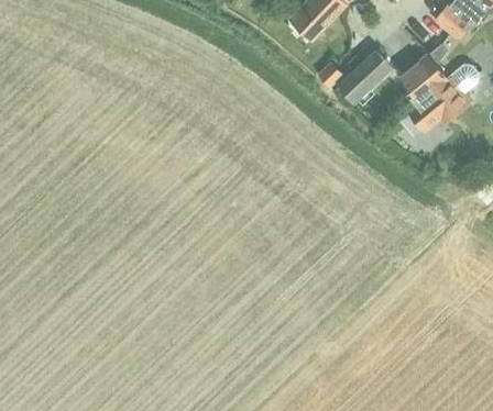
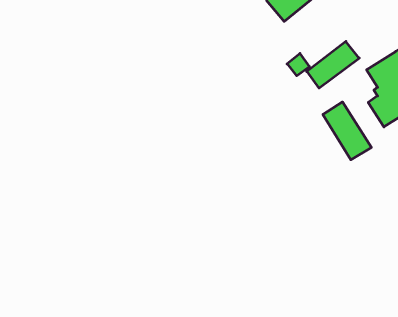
building: none -> [323,102,371,160]

